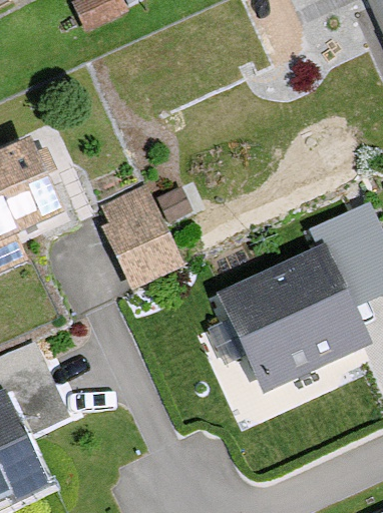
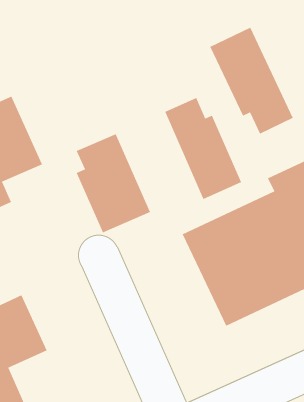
building: none -> [210,27,294,135]
building: none -> [164,97,242,200]

